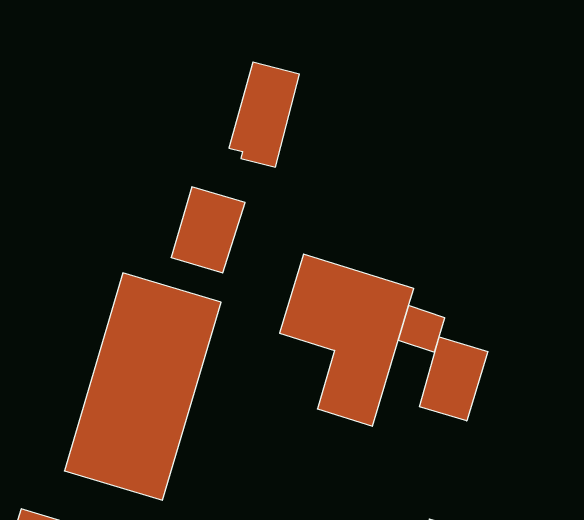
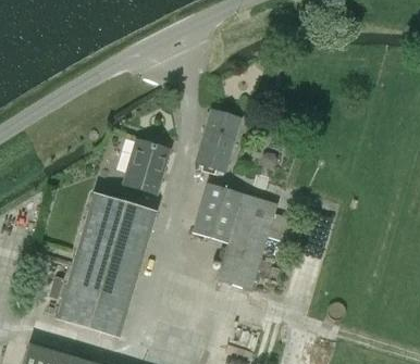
building: [229,62,299,167] -> [196,110,240,176]
building: [419,337,488,421] -> none

